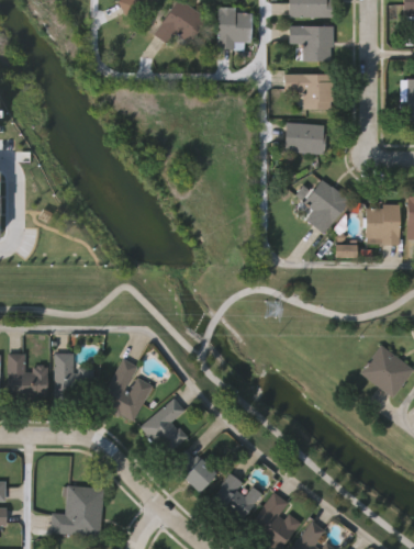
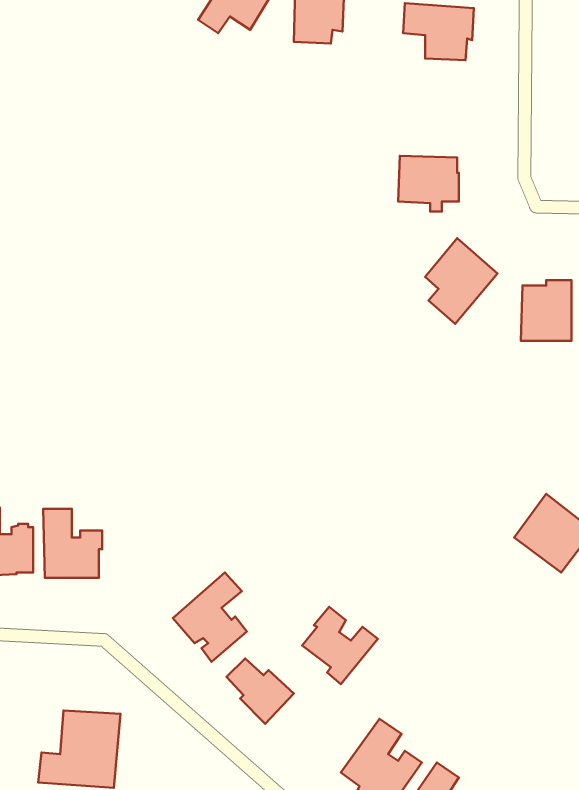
building: [282,72,329,109] -> none
building: [99,358,152,421] -> none
building: [213,471,262,522] -> [302,607,378,684]

